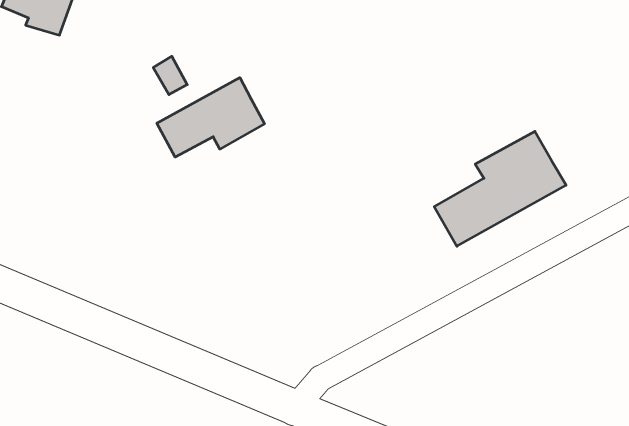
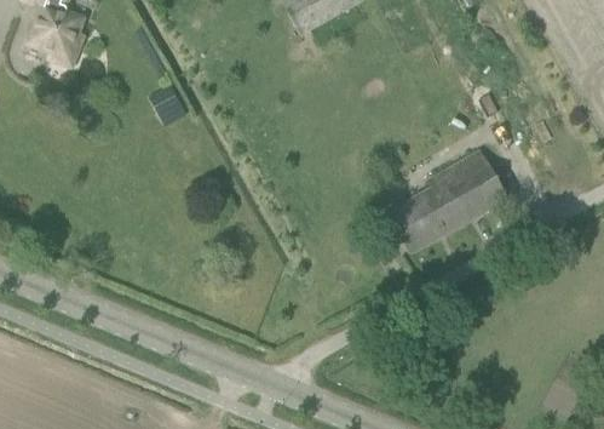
building: [157,78,264,157] -> none

